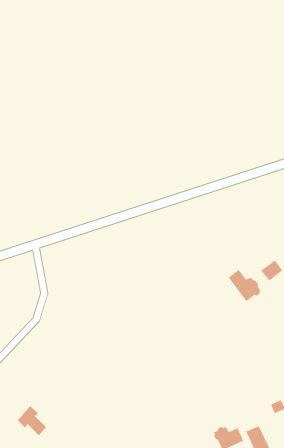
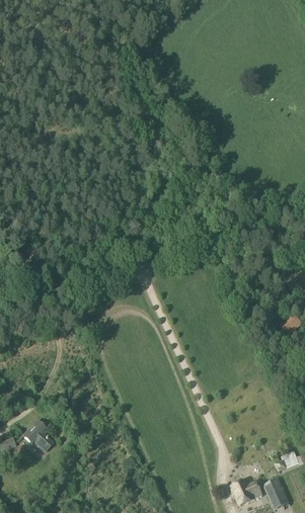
building: [228,269,262,302] -> none
building: [17,405,47,436] -> [22,420,53,451]

